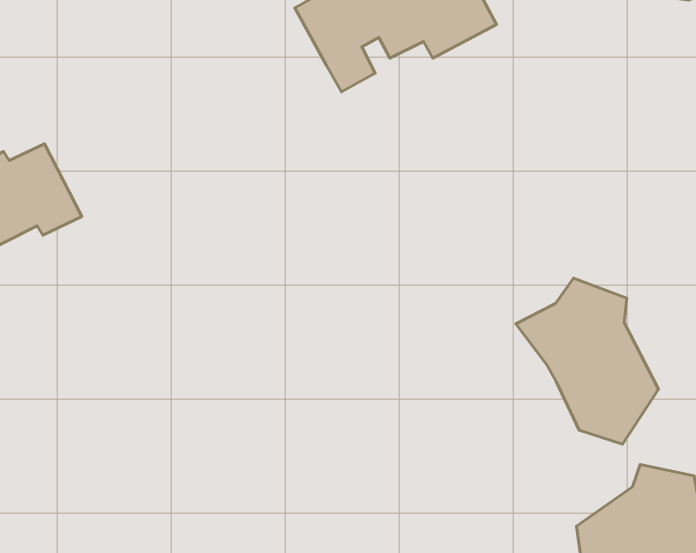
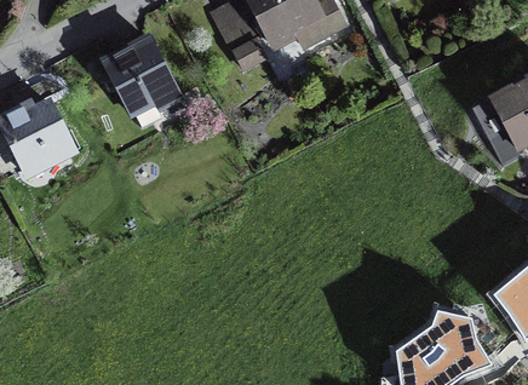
building: none -> [105,40,180,127]
building: [516,278,658,444] -> none

